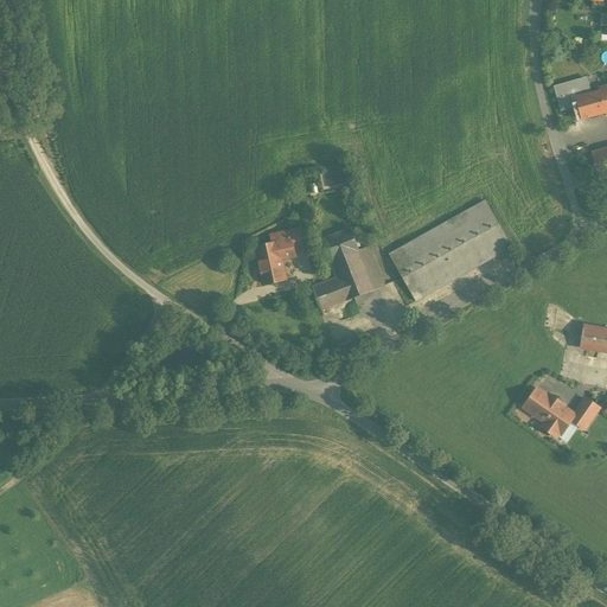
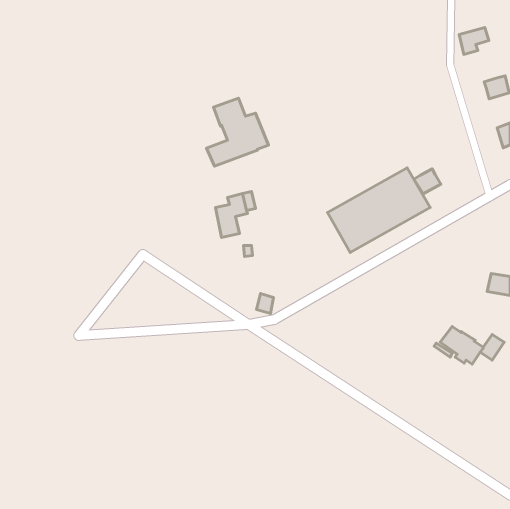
building: [555,77,590,109] -> [459,27,489,54]
building: none -> [414,169,441,194]
building: [312,228,385,308] -> [207,98,268,166]

